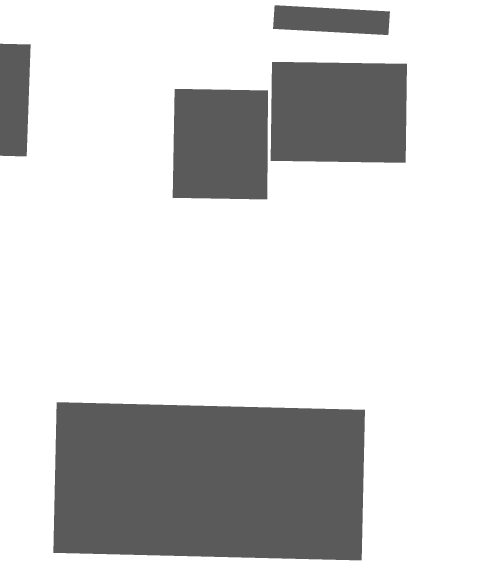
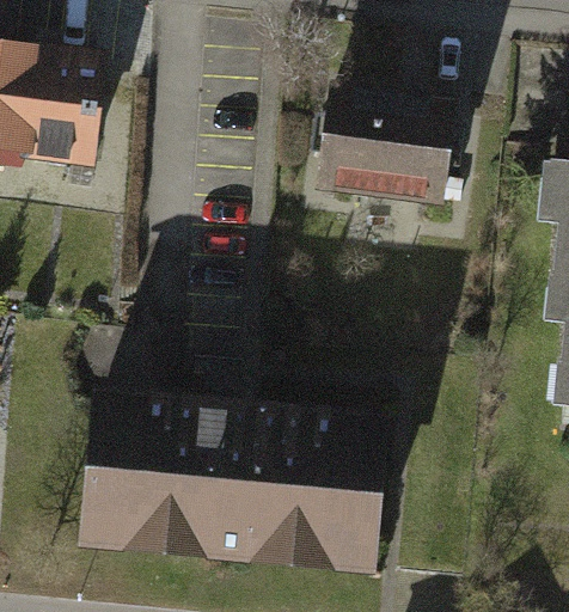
building: [172,88,269,200] -> none

